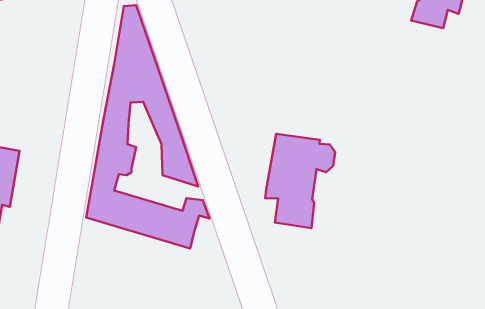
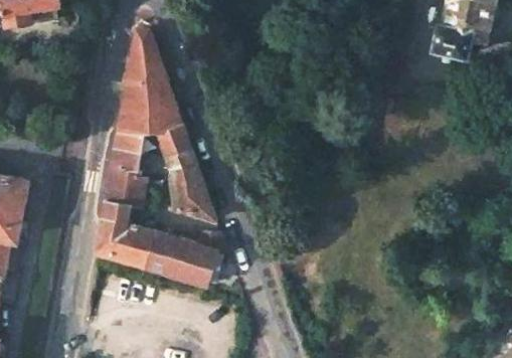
building: [265,134,335,228] -> none

